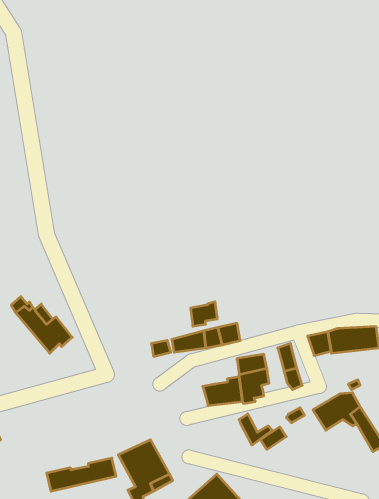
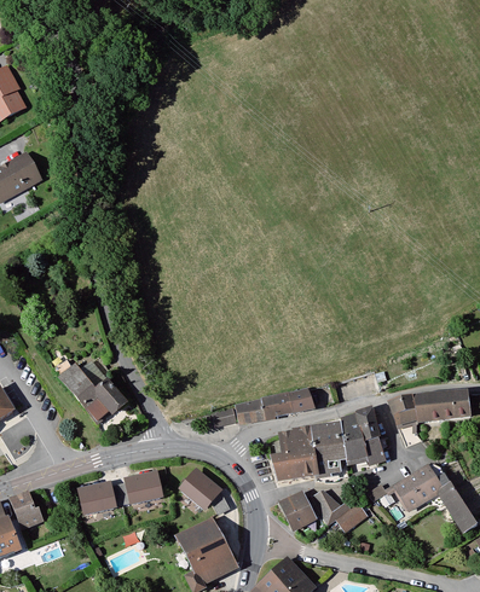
building: [191,302,217,326] -> [283,428,313,455]
building: none -> [341,414,368,460]
building: none -> [186,470,230,511]
building: none -> [281,492,314,529]
building: [47,458,116,491] -> [83,472,162,510]

